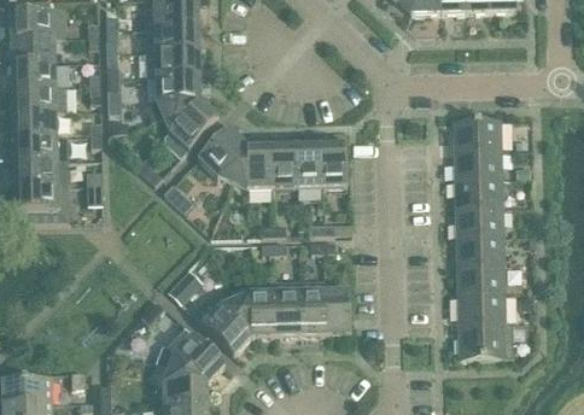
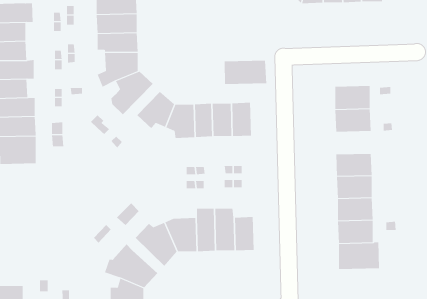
building: none -> [224,60,267,85]
building: [456,177,503,208] -> none

